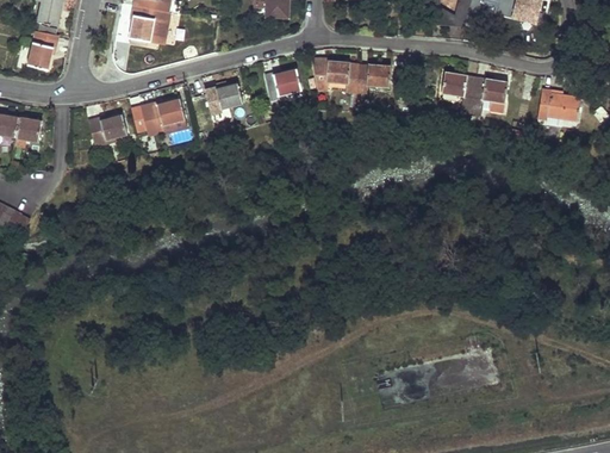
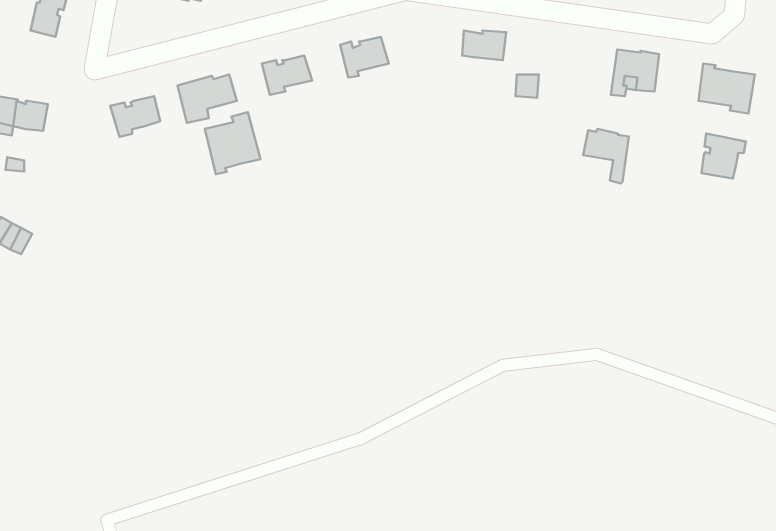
building: [313,60,359,92] -> none
building: [441,73,475,114] -> [583,129,629,183]
building: none -> [205,112,260,174]
building: none -> [701,134,746,179]

